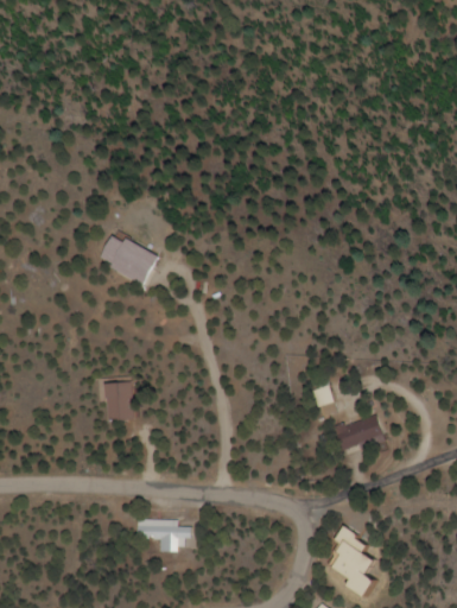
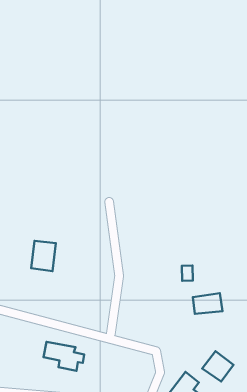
building: [103,233,167,286] -> none
building: none -> [202,351,233,381]

